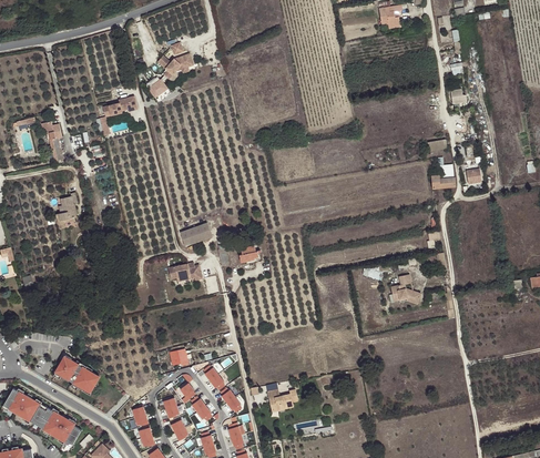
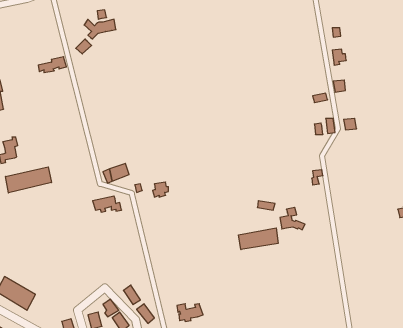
building: none -> [6,167,51,193]
building: none -> [239,228,278,250]

